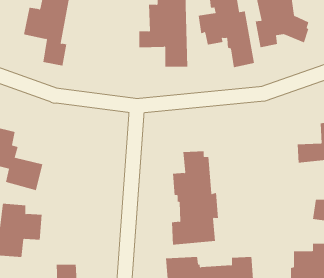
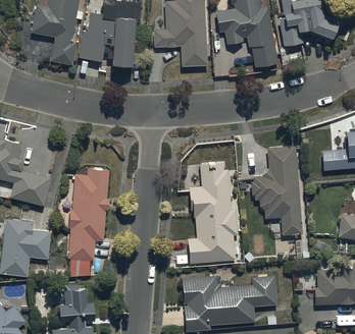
building: none -> [79,5,142,73]
building: none -> [251,145,302,233]
building: none -> [68,167,109,275]

